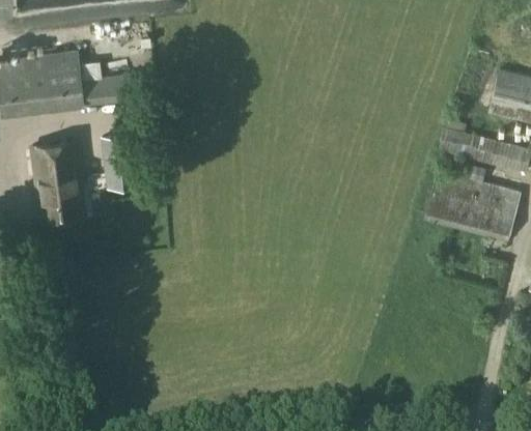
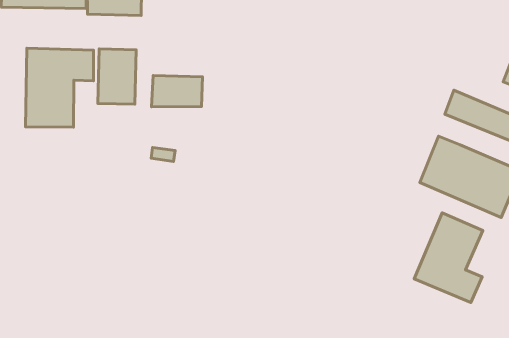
building: none -> [151,76,202,107]
building: none -> [414,213,483,302]

